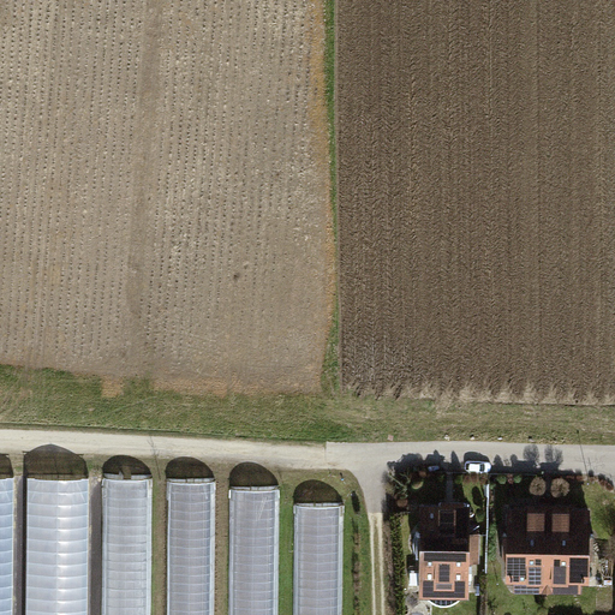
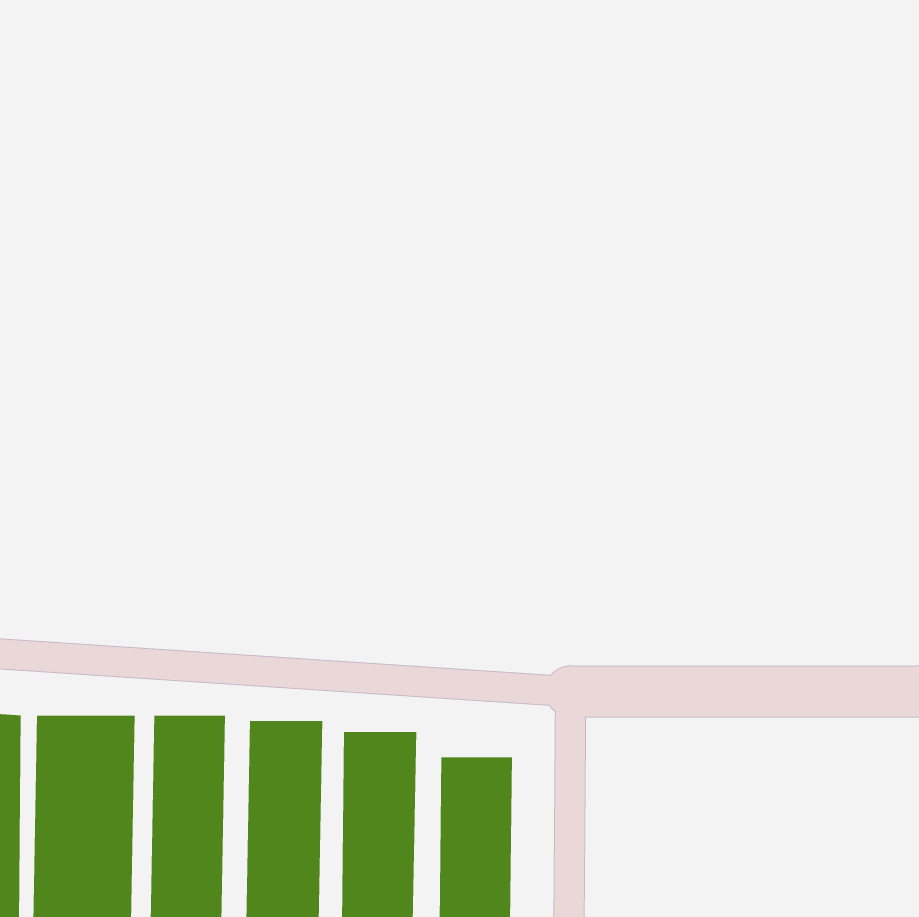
building: [416,500,478,604] -> none
building: [504,503,589,593] -> none

